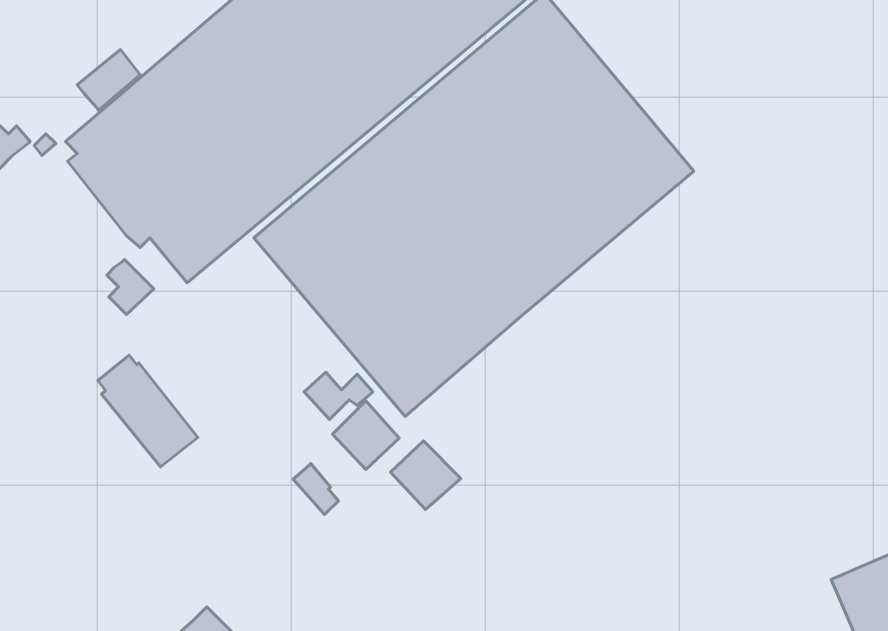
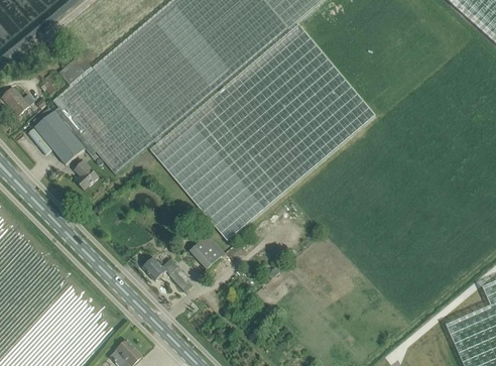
building: [98,355,198,467] -> [33,106,85,163]
building: [304,372,373,419] -> [143,256,178,280]
building: [390,441,461,510] -> none

